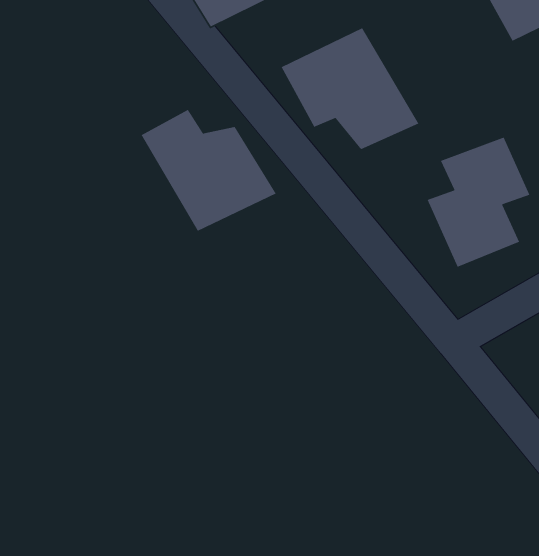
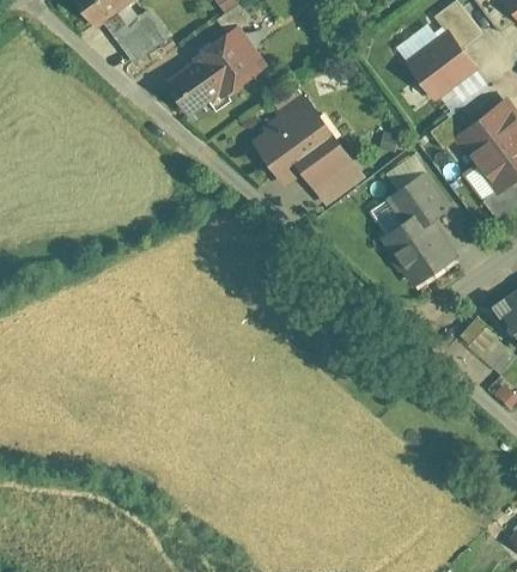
building: [140,109,277,232] -> none

